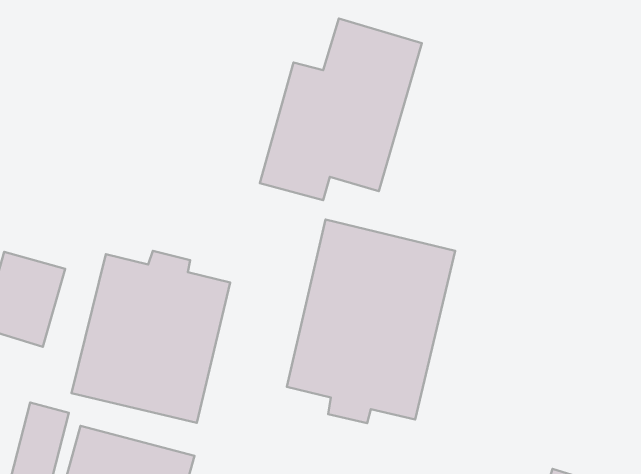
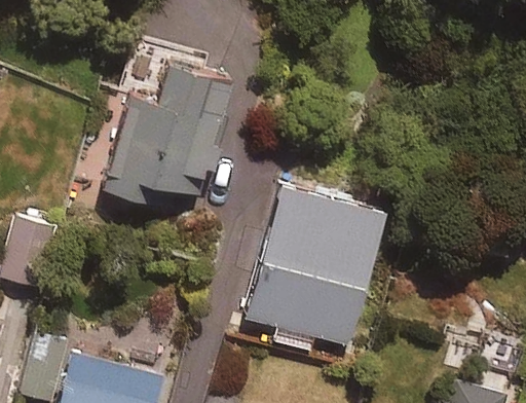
building: [260,18,422,200] -> [108,59,236,203]
building: [72,251,230,423] -> none

